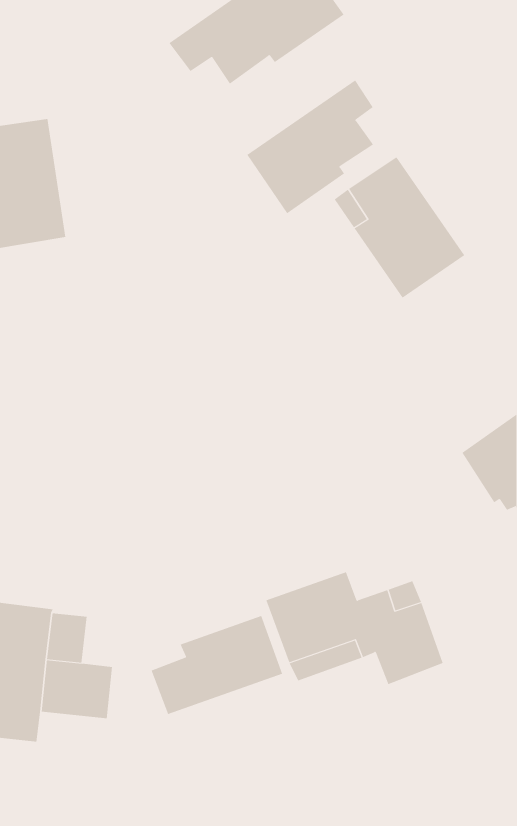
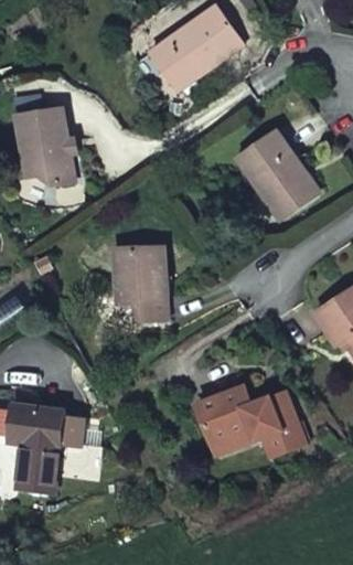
building: [247,79,374,214] -> none
building: none -> [115,246,168,319]
building: [151,615,283,715] -> none

